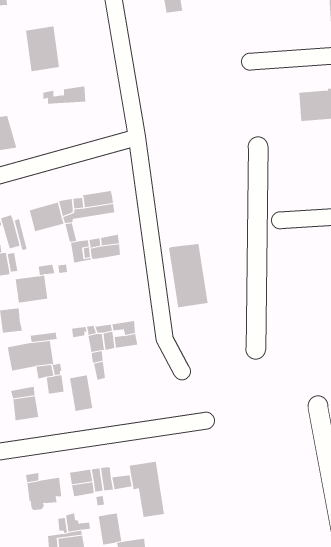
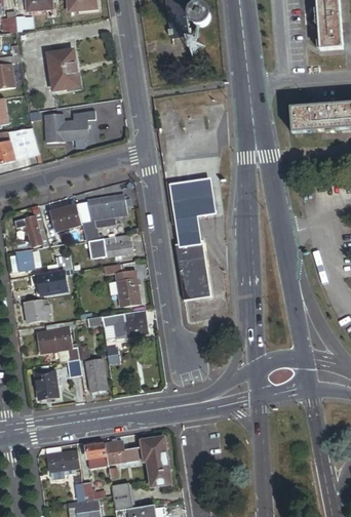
building: none -> [44,108,91,142]
building: none -> [167,178,217,245]
building: none -> [105,264,140,308]

